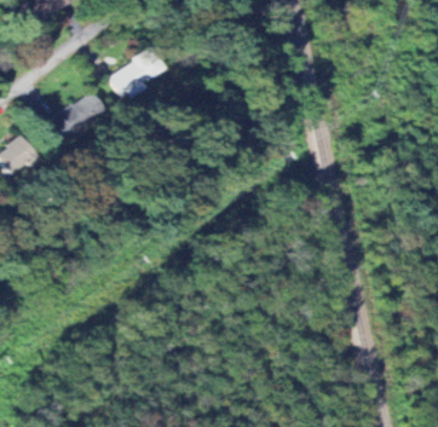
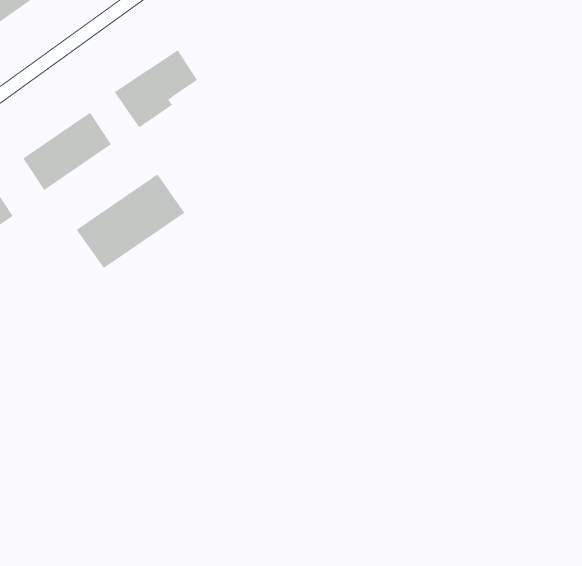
building: none -> [76,174,185,269]

